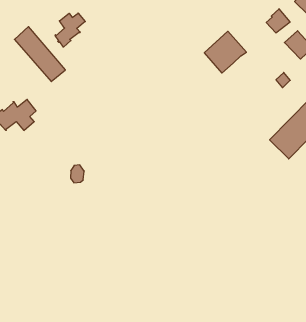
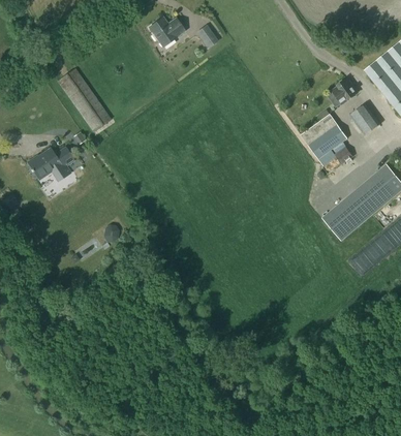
building: [55,13,85,47] -> none
building: [204,31,246,73] -> [302,113,347,157]

